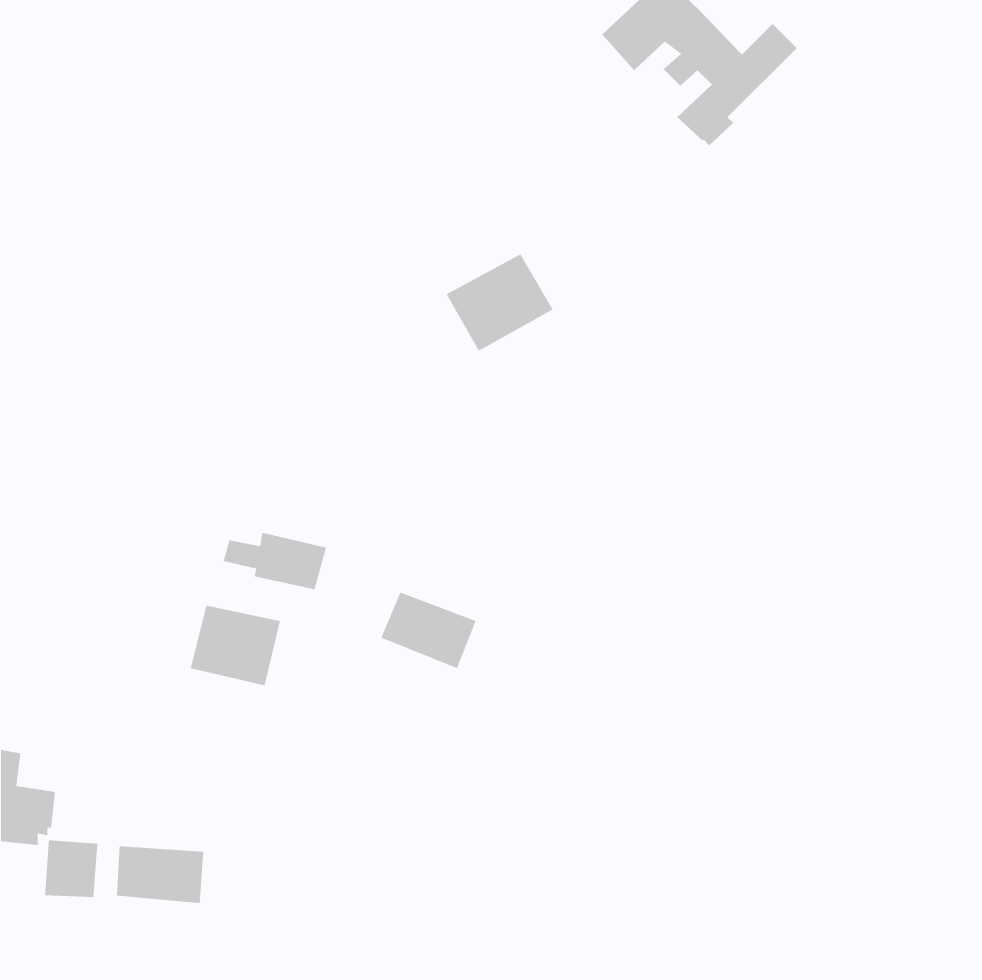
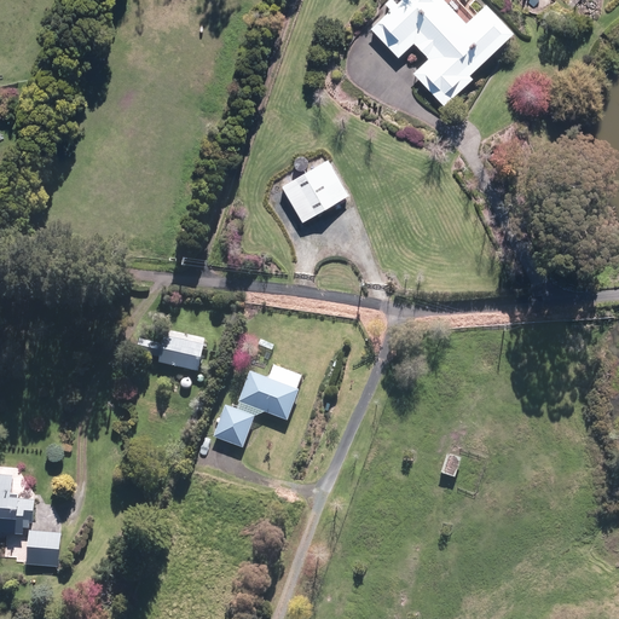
building: [190,605,280,686] -> none
building: none -> [214,406,255,449]
building: [116,845,204,904] -> none

